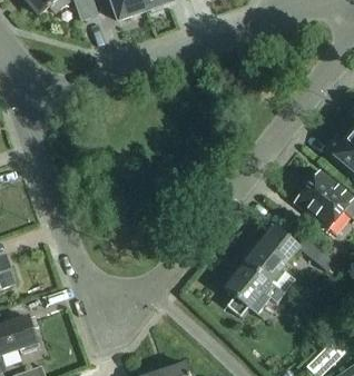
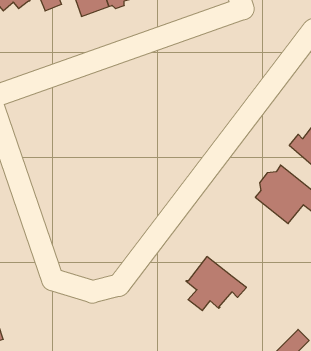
building: [240,226,337,281] -> none

